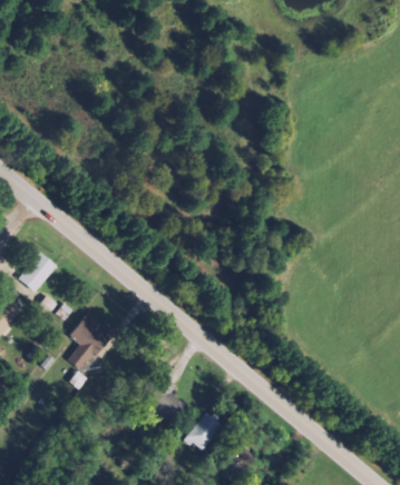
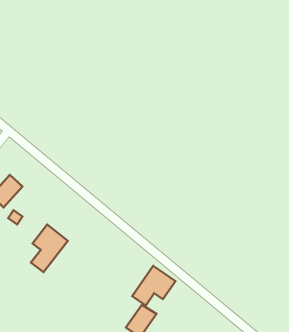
building: none -> [132,266,176,305]

